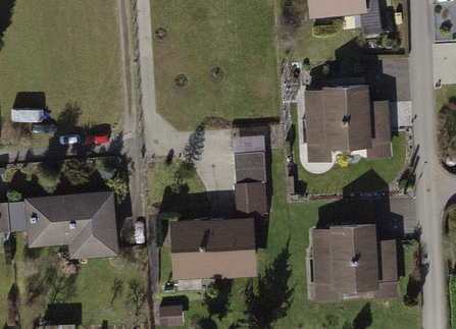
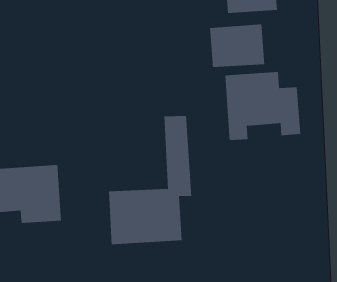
building: none -> [210,24,265,68]
building: [310,222,400,305] -> none

